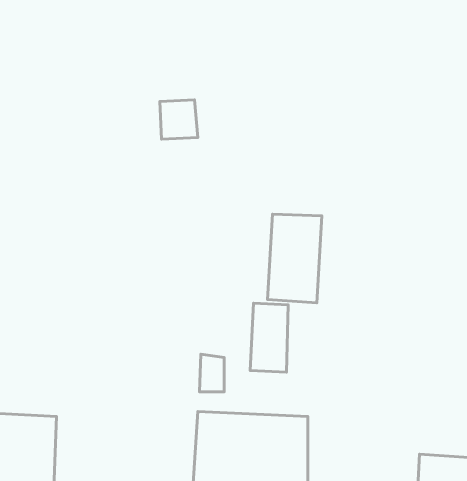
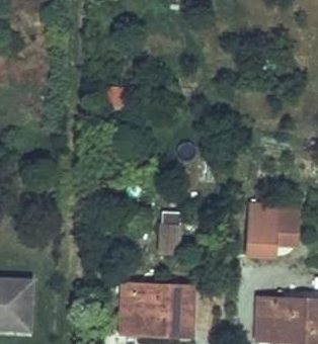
building: [268,214,322,303] -> [248,205,282,260]

